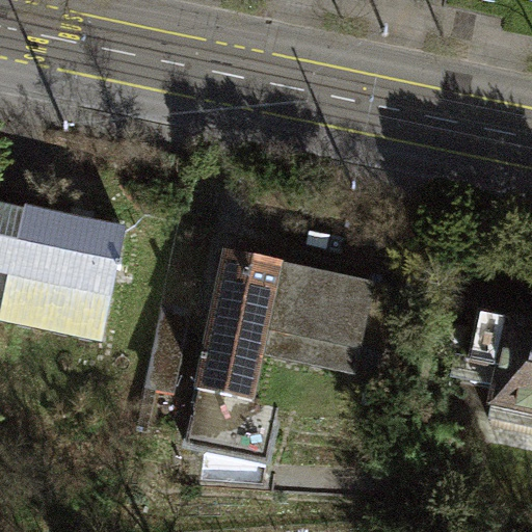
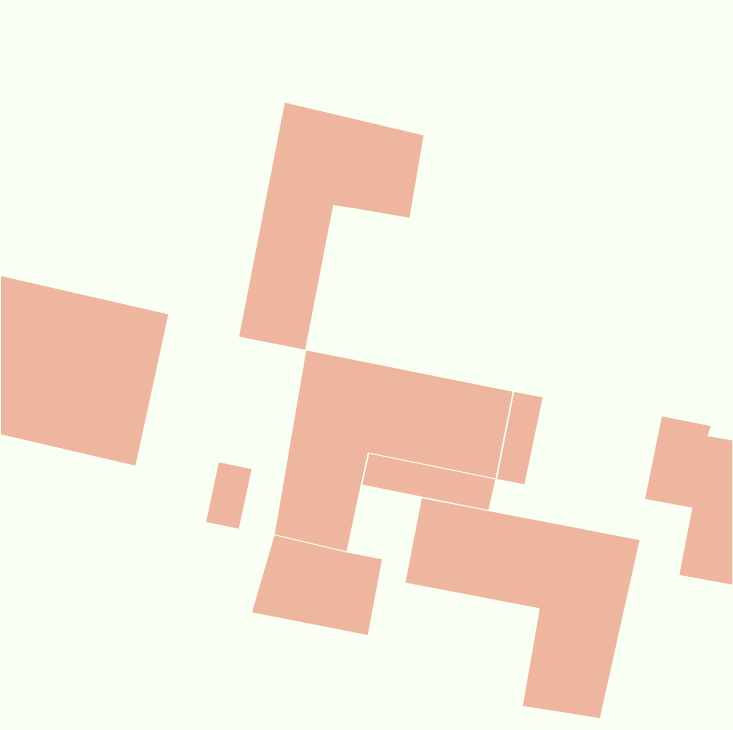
building: none -> [239,102,424,350]
building: none -> [405,498,640,719]

